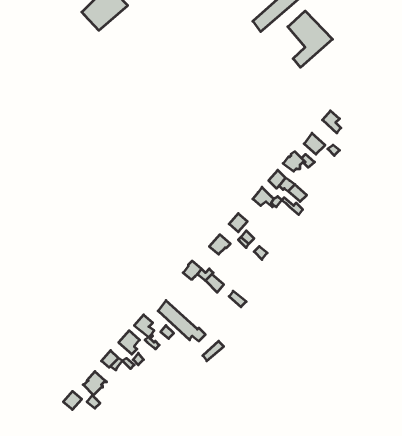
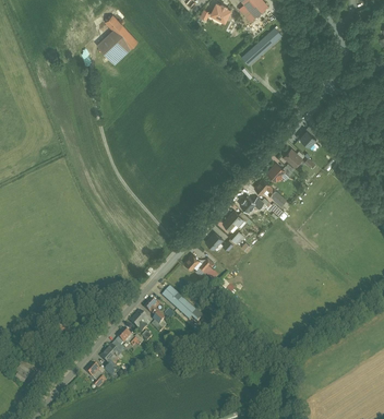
building: [288,11,333,67] -> none

